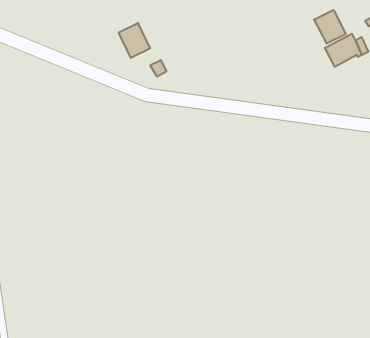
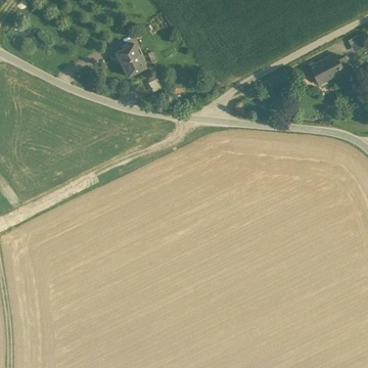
building: [314,10,346,44] -> none

